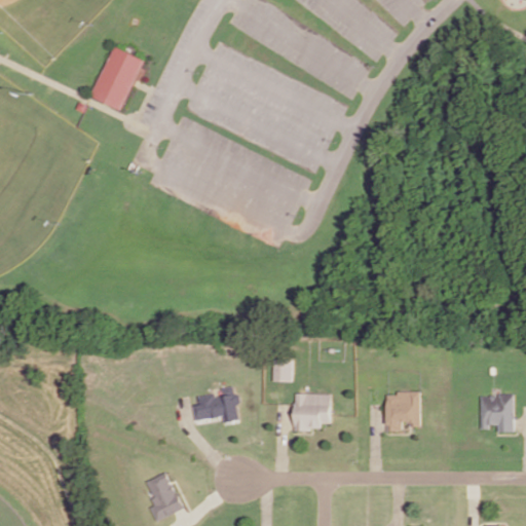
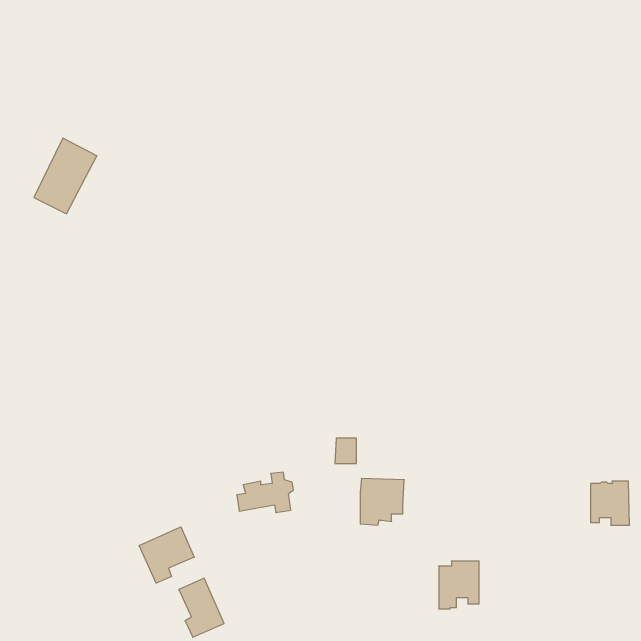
building: [91,46,143,108] -> [34,138,97,214]
building: [386,391,419,430] -> [439,561,479,609]
building: none -> [139,527,194,583]

